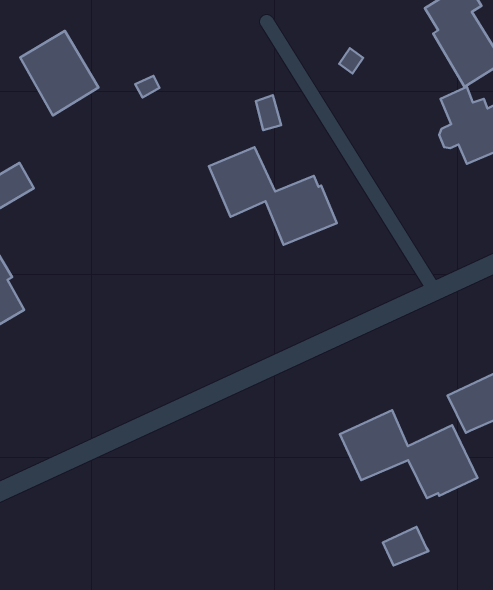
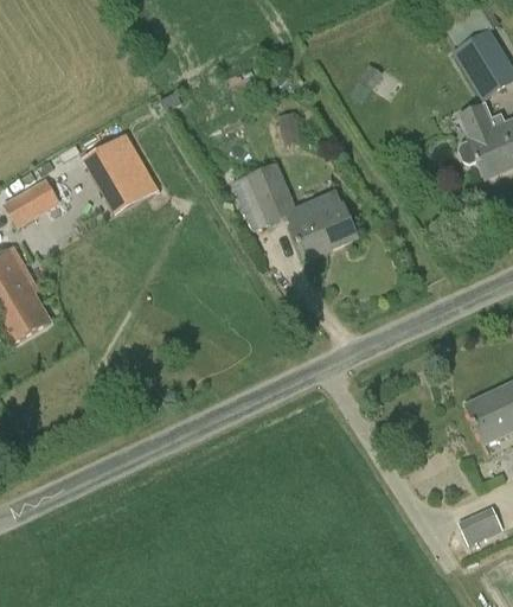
building: [20,31,99,115] -> [82,133,159,216]
building: [340,410,477,498] -> none
building: [383,527,429,565] -> [457,506,502,544]

